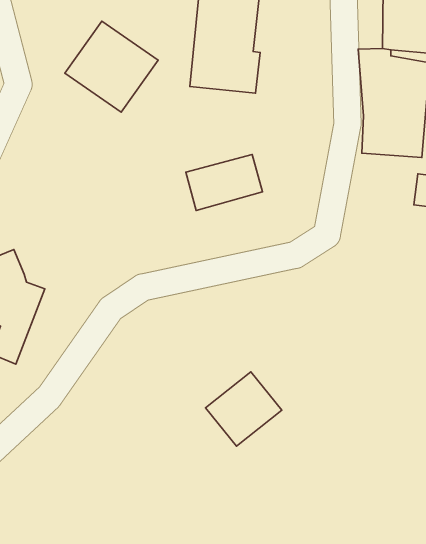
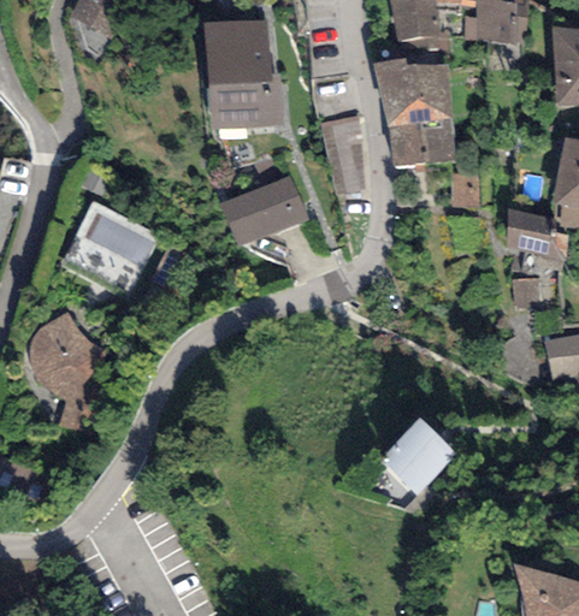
building: [65,21,158,112] -> [66,203,156,290]
building: none -> [320,125,365,201]
building: [205,372,282,446] -> [379,415,455,491]

